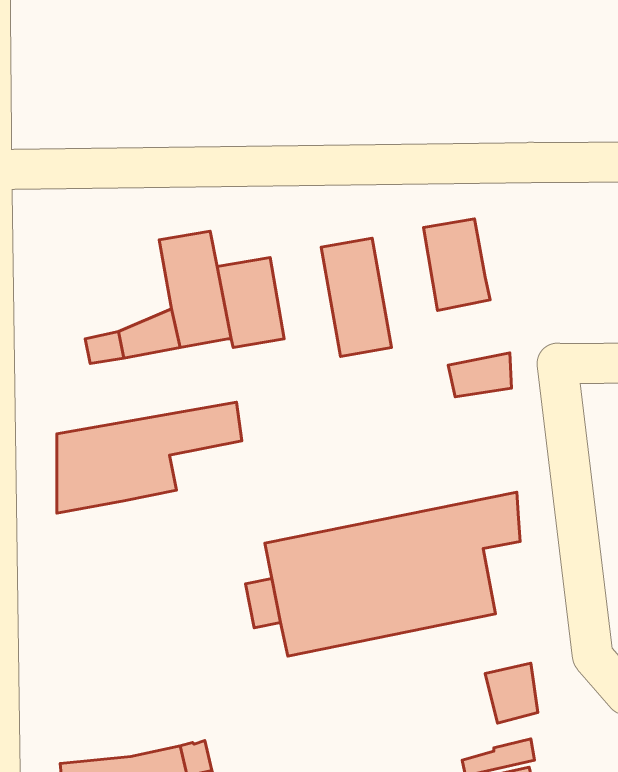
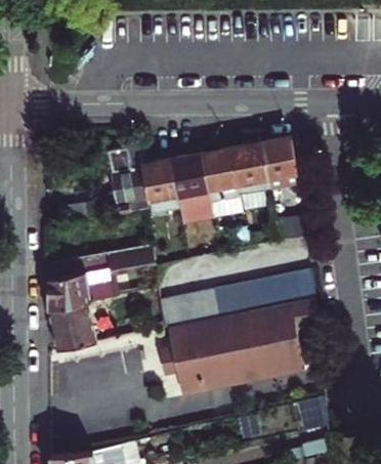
building: none -> [232,142,270,196]
building: none -> [173,154,214,222]
building: none -> [160,268,316,327]
building: none -> [49,301,97,349]

